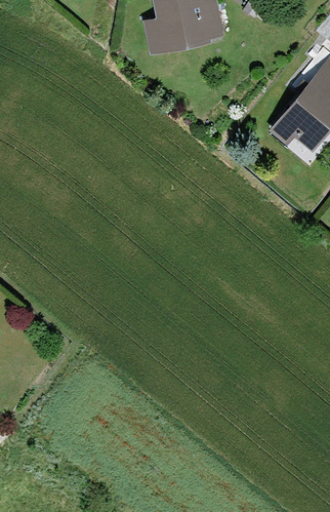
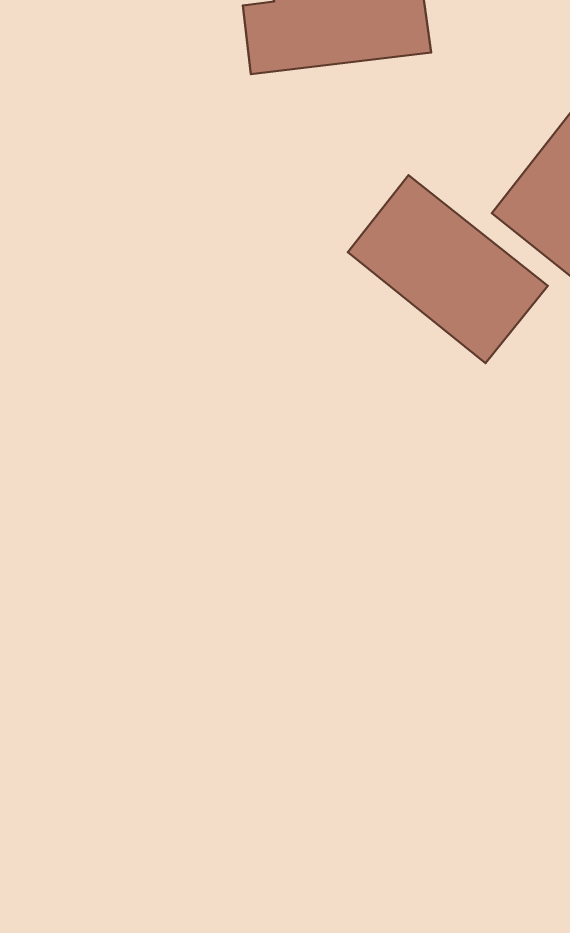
building: none -> [348,175,548,363]

